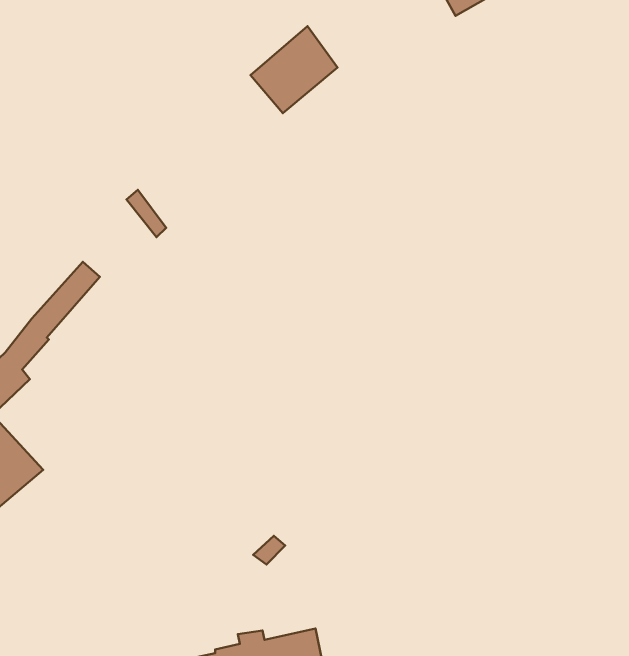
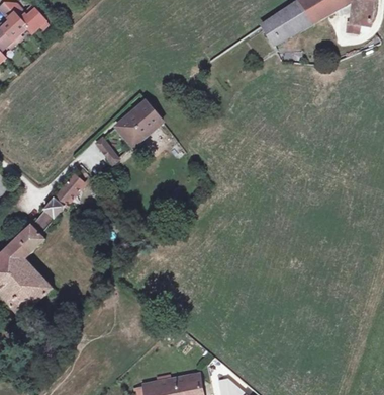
building: [251,26,338,113] -> [115,99,162,146]

